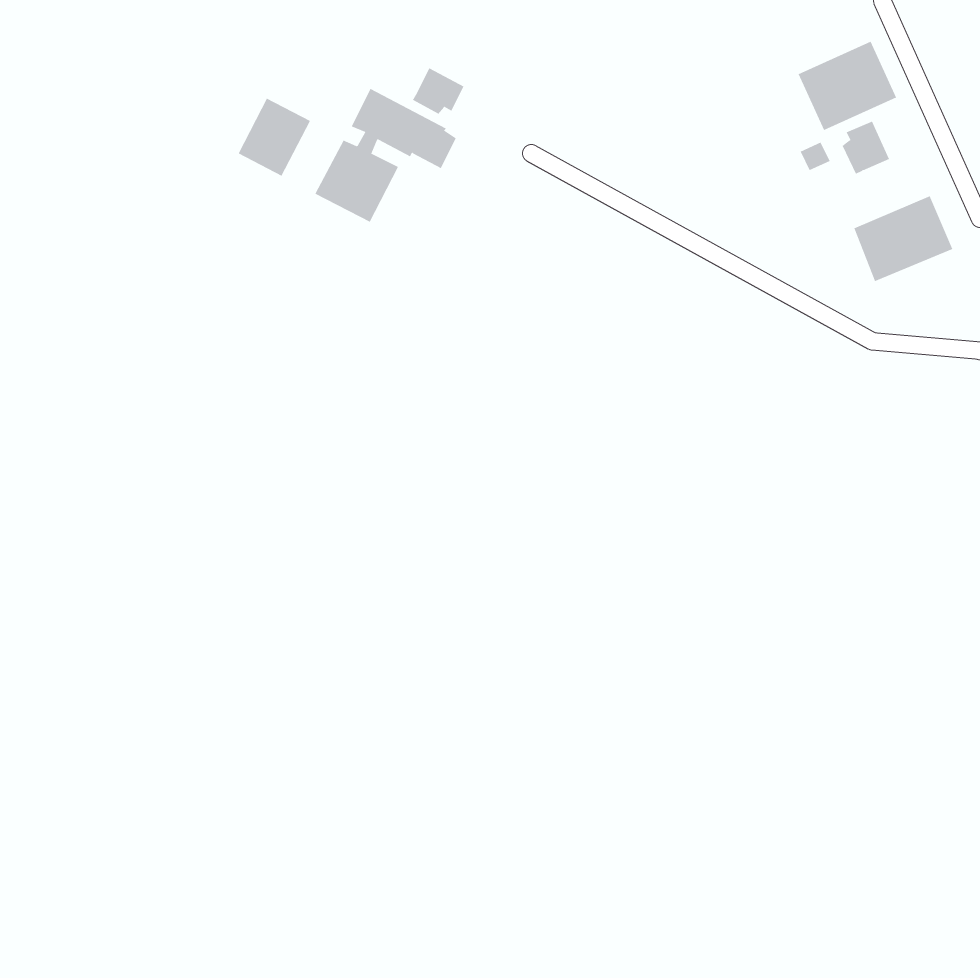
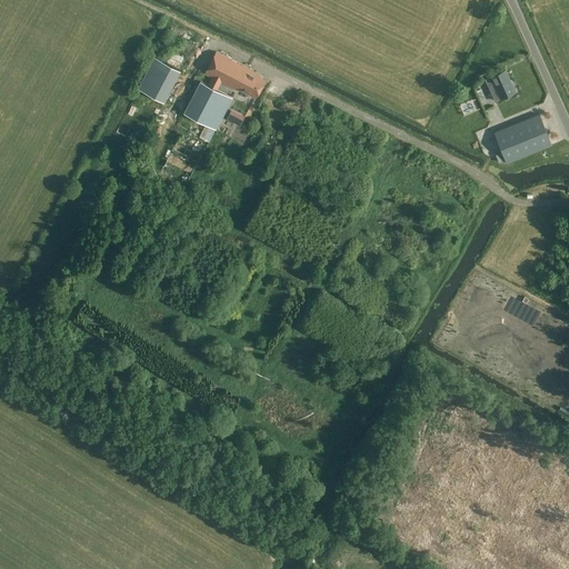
building: [798,41,897,131] -> none
building: [412,68,464,114] -> none

